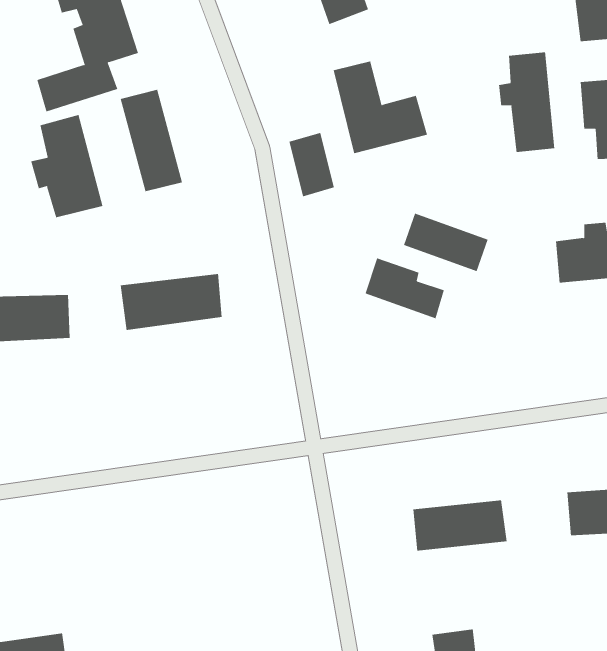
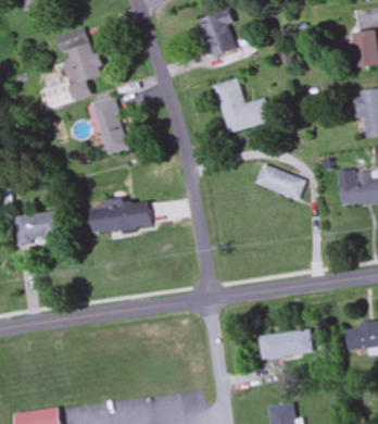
building: [498,51,555,153] -> none
building: [30,114,103,218] -> none
building: [289,132,334,197] -> none
building: [365,257,445,319] -> none

